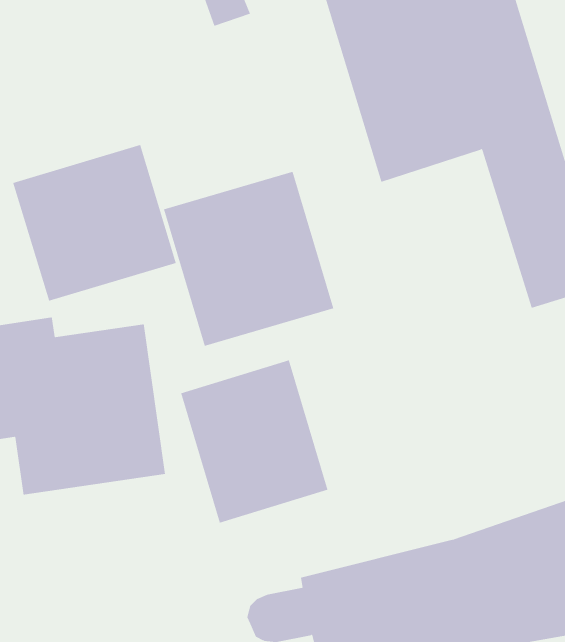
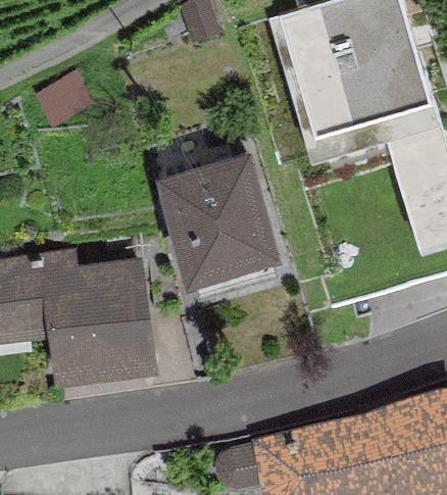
building: [13,144,177,302] -> none
building: [181,360,328,523] -> none

